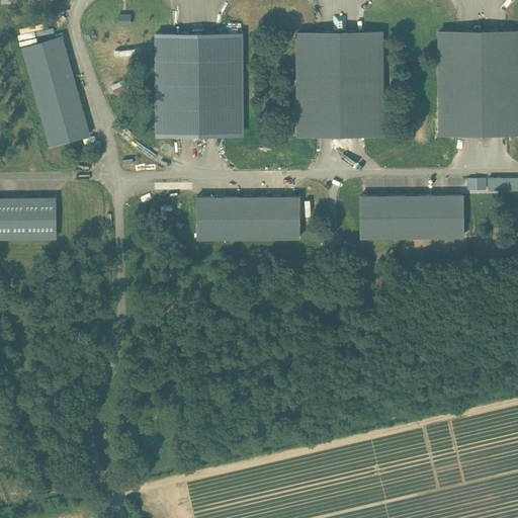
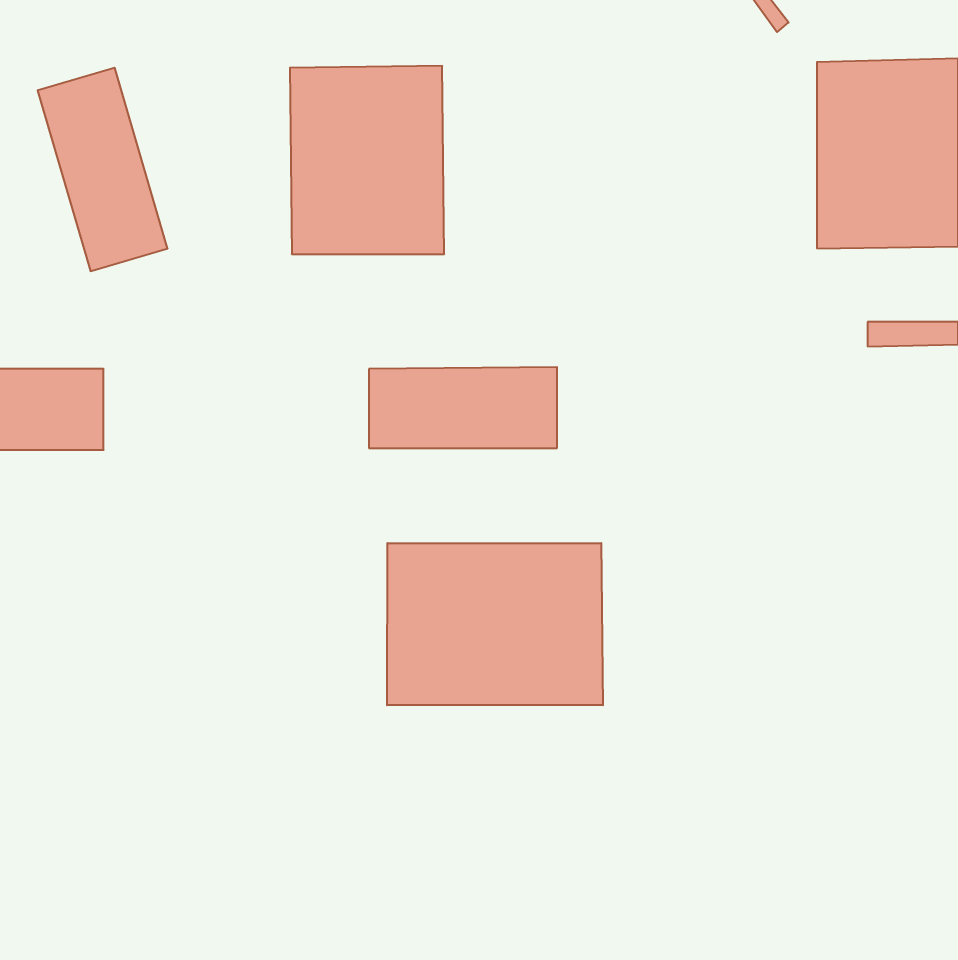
building: [300,33,382,135] -> none
building: [360,195,461,239] -> none
building: none -> [387,543,603,705]

